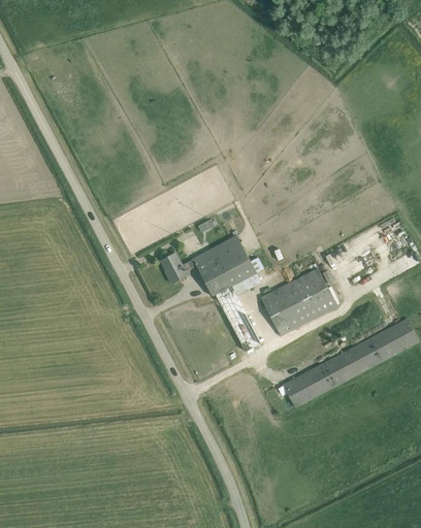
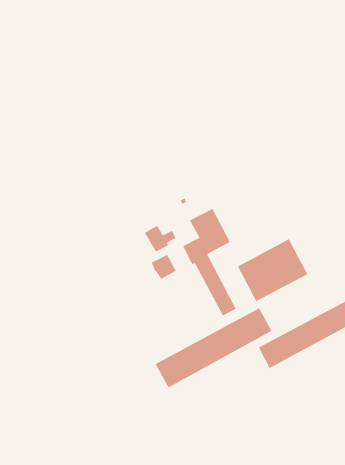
building: [190,248,219,275] -> [150,254,177,280]
building: none -> [154,307,272,389]

